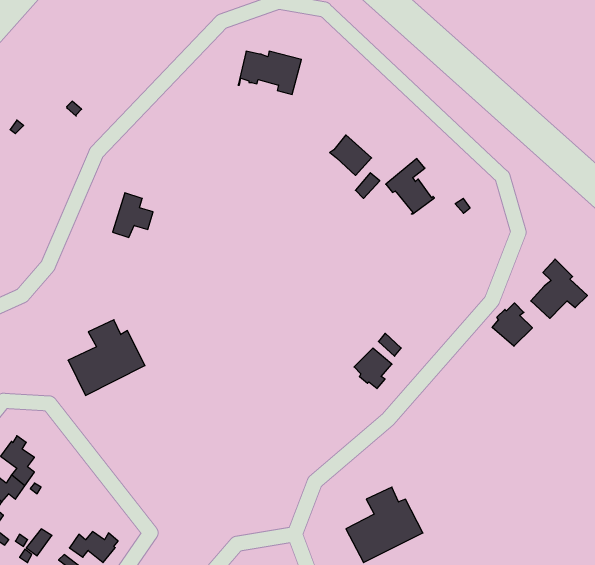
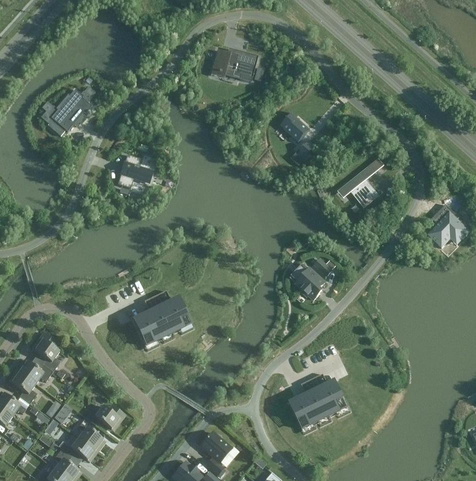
building: none -> [50,89,91,132]
building: [386,159,434,214] -> [343,167,379,208]
building: [492,303,532,346] -> none
building: [68,320,145,395] -> [133,290,190,346]

